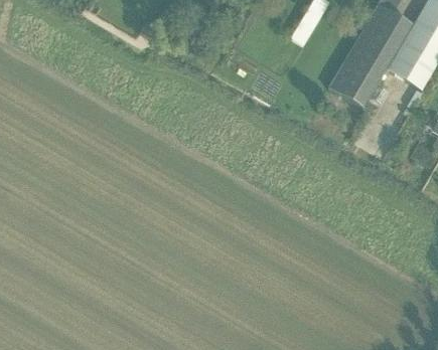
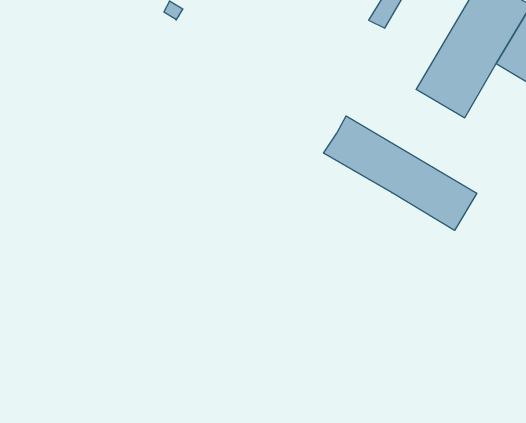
building: none -> [324,116,477,230]

